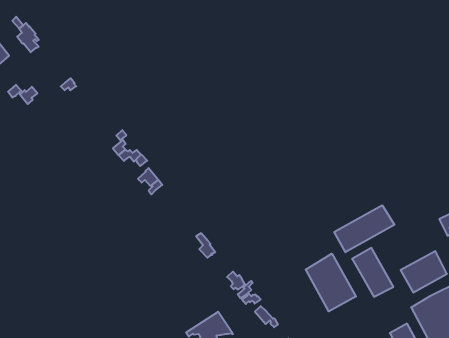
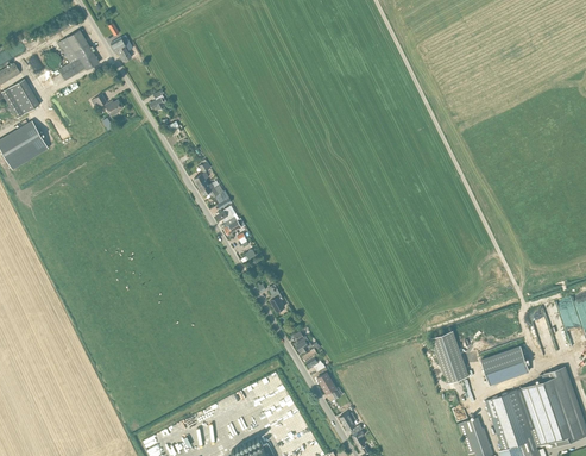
building: [334,205,394,252] -> none
building: [306,254,356,311] -> none

